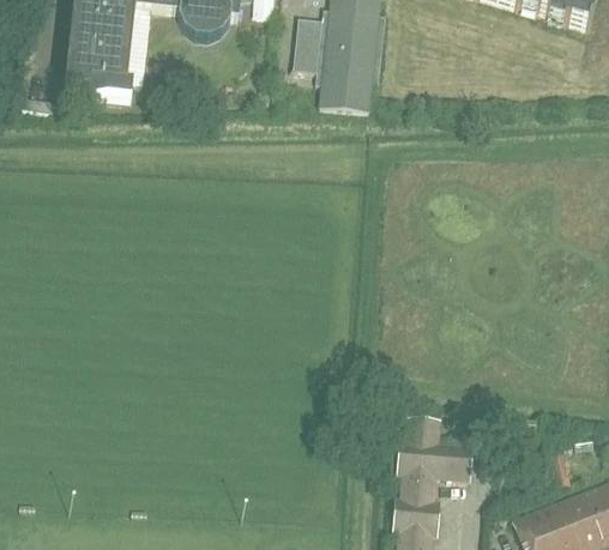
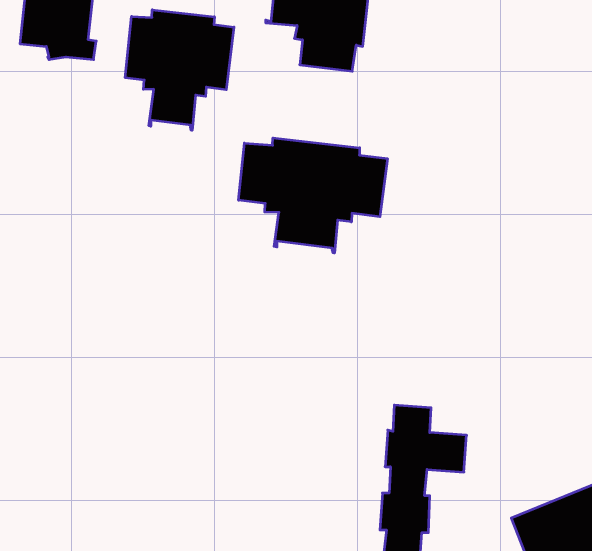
building: none -> [125,10,234,130]
building: none -> [239,138,387,253]

